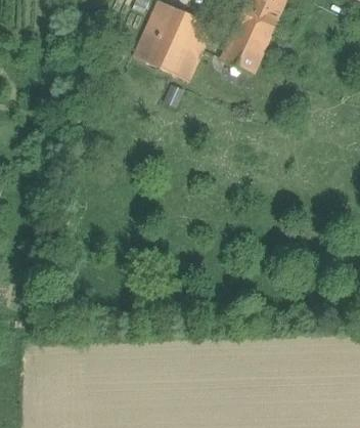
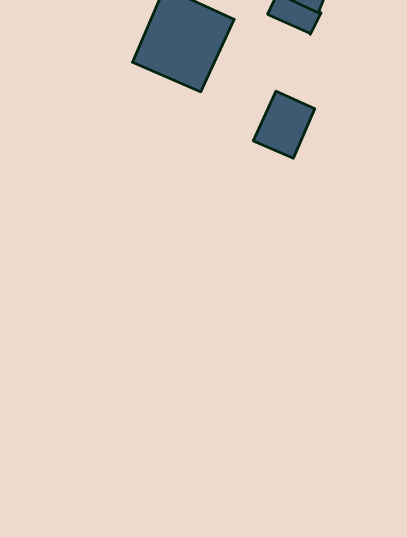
building: [223,20,270,72] -> [253,91,315,158]

